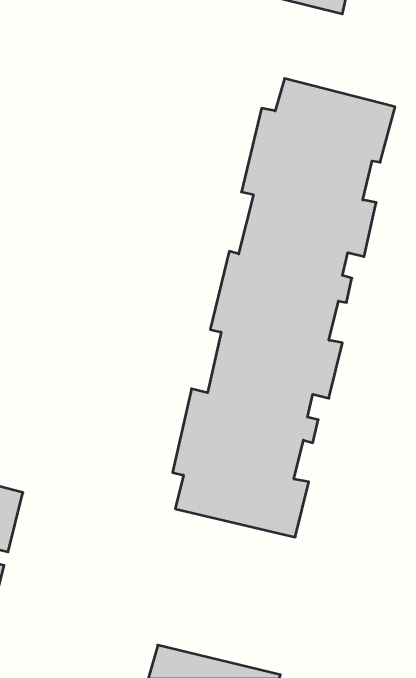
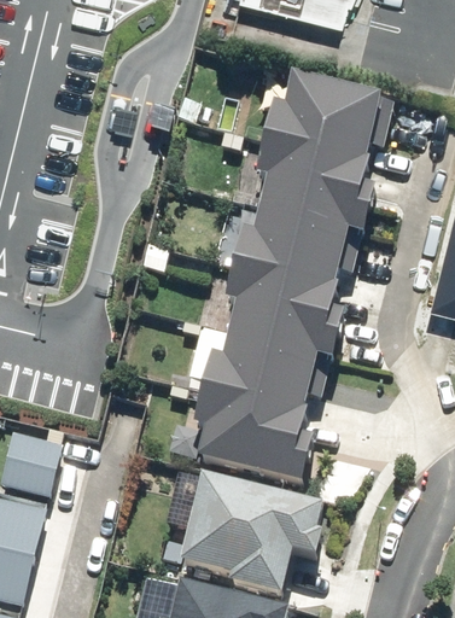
building: none -> [180,472,325,593]

